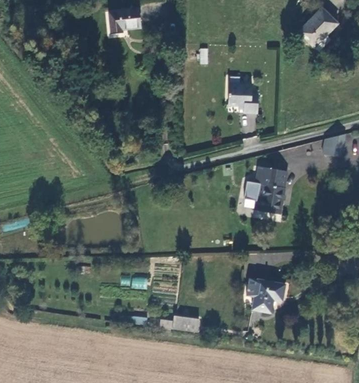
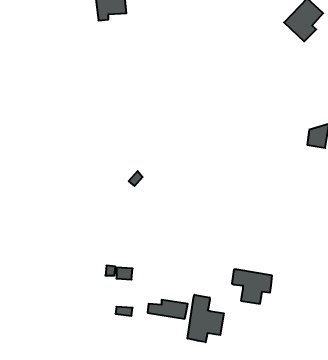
building: [229,82,258,112] -> none
building: [254,165,285,212] -> none
building: none -> [187,295,224,342]

